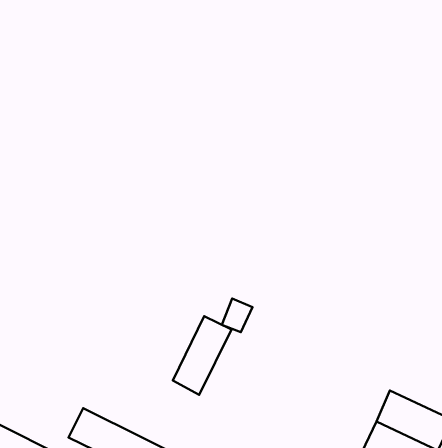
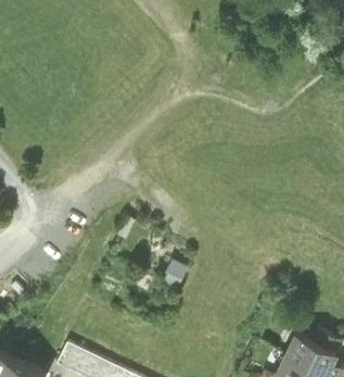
building: [173,316,231,395] -> none

